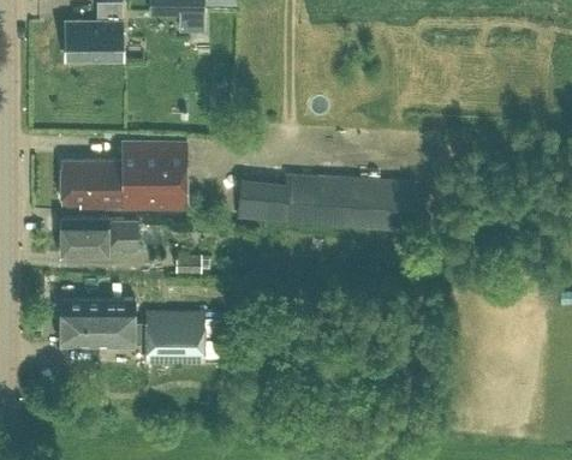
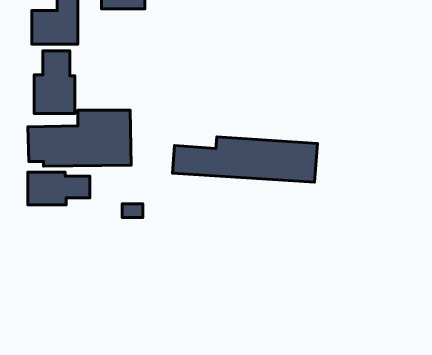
building: none -> [34,51,75,114]
building: [60,298,133,345] -> none
building: [145,312,226,364] -> none

